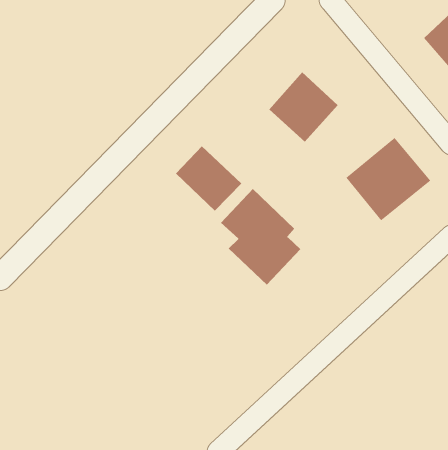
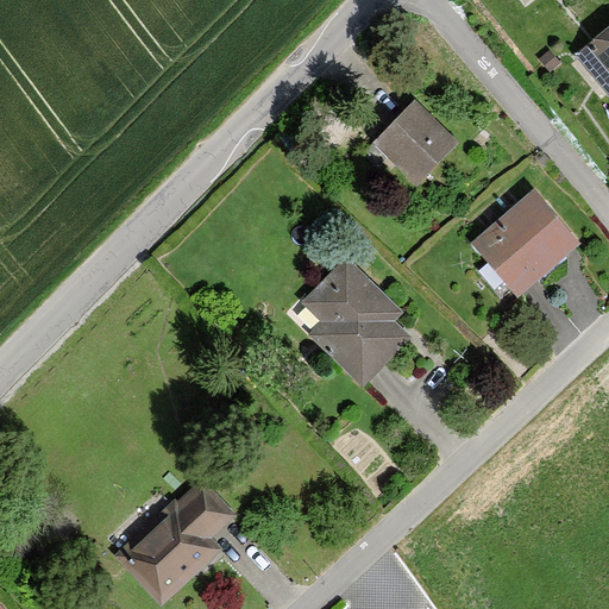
building: [175,146,242,211] -> none
building: none -> [119,475,237,601]

